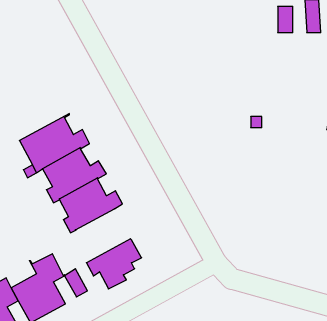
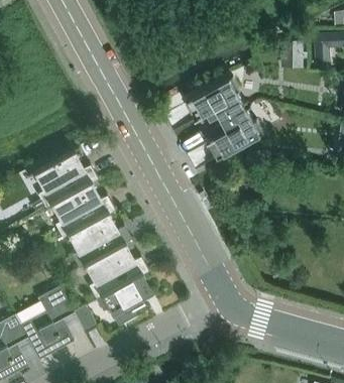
building: none -> [174,78,248,134]
building: none -> [186,109,265,173]
building: none -> [84,246,148,300]

